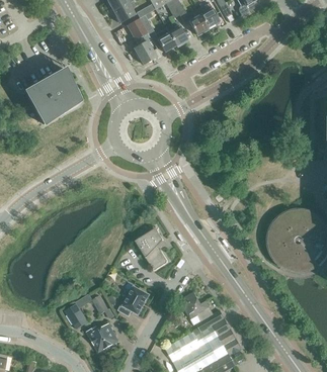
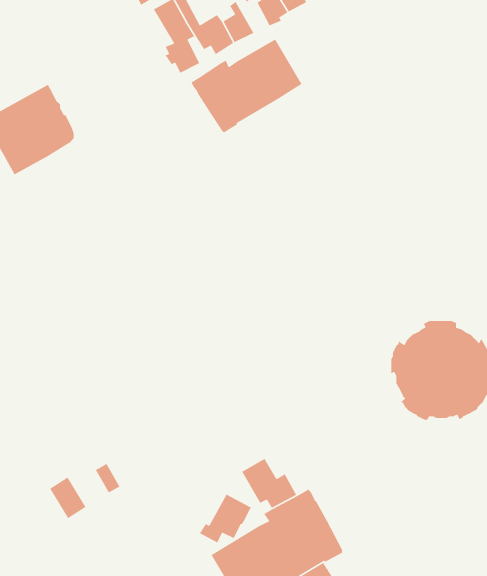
building: none -> [191,39,303,133]
building: [135,228,166,270] -> none
building: [116,286,148,316] -> [199,493,251,544]
building: [85,323,117,352] -> none

